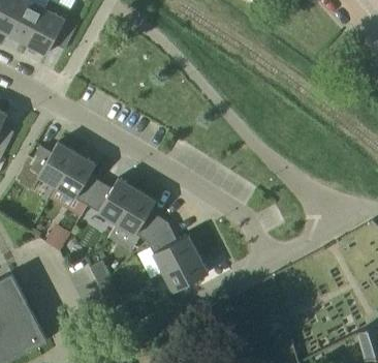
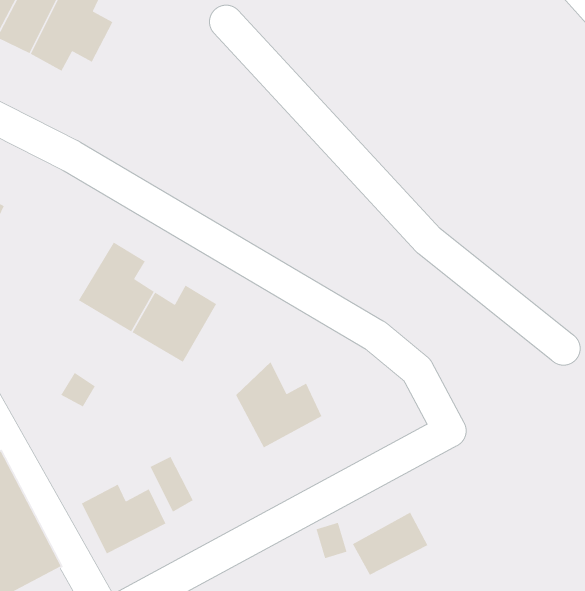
building: [26,142,76,187] -> none
building: [117,189,167,242] -> none
building: [163,254,208,292] -> [352,512,429,576]
building: none -> [81,484,167,554]

